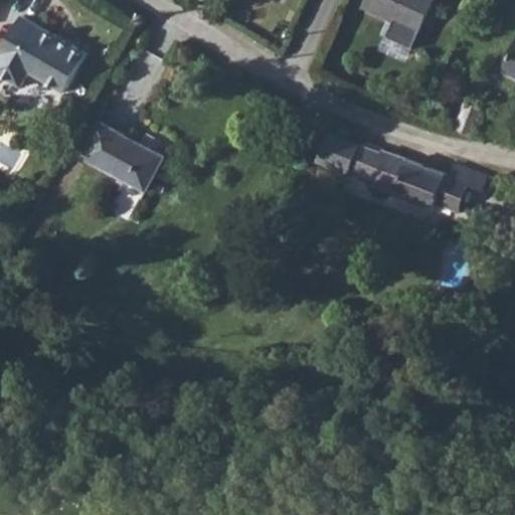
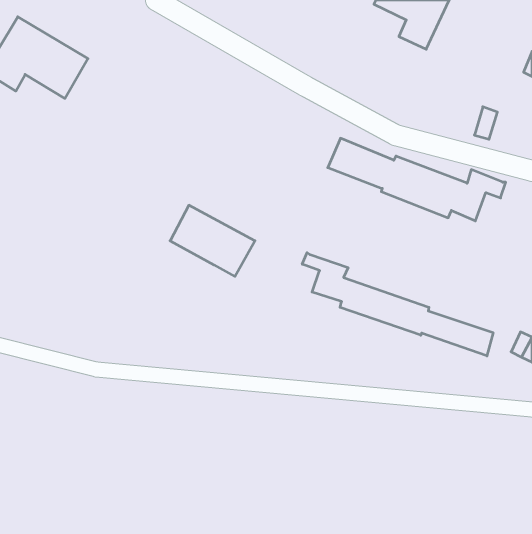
building: [82,123,164,191] -> [170,205,255,276]
building: none -> [302,253,493,356]

